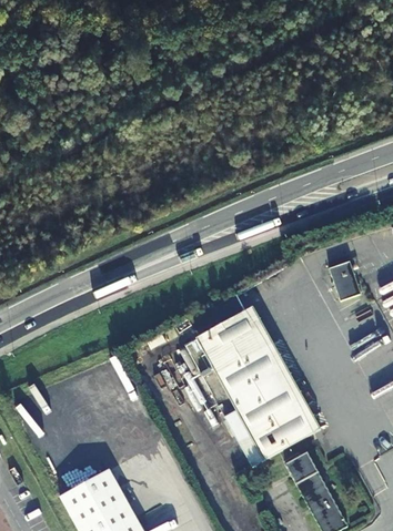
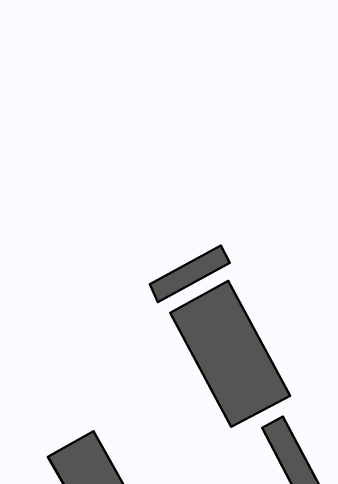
building: [329,262,360,303] -> none
building: none -> [150,246,230,302]

